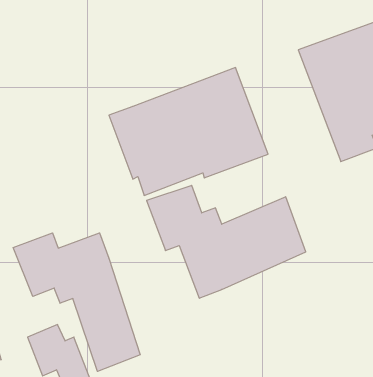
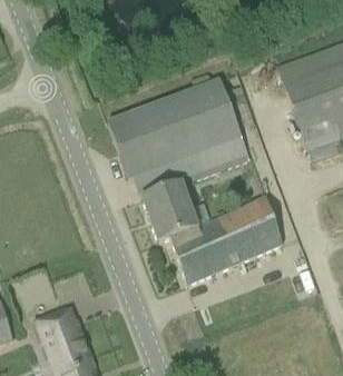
building: [13,233,140,371] -> none

